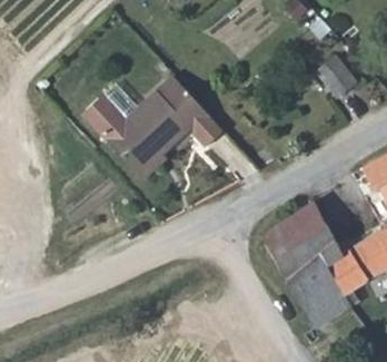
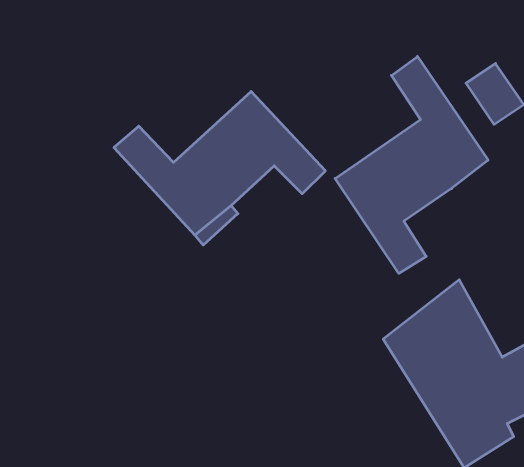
building: none -> [335,56,488,273]

